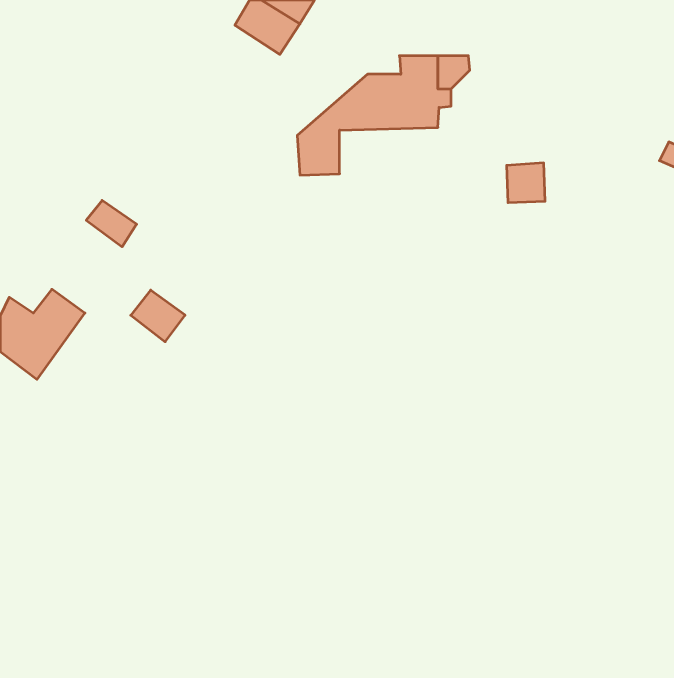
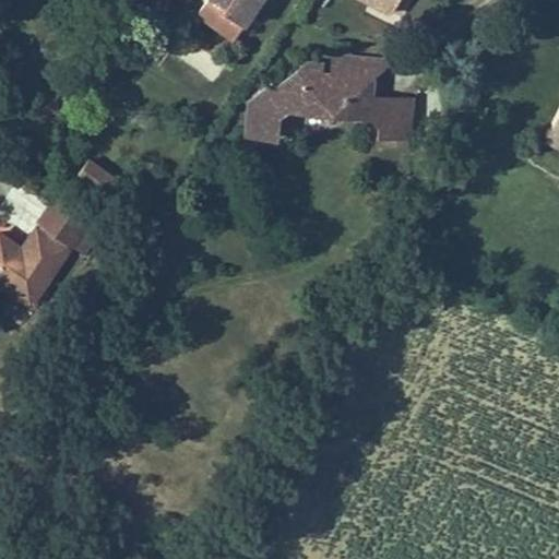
building: [507,163,545,203] -> [381,92,413,124]
building: [131,290,185,342] -> [47,212,92,254]

